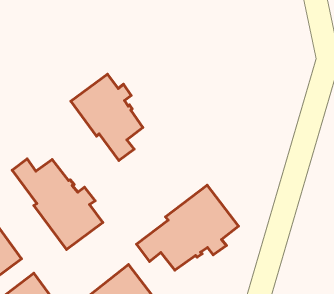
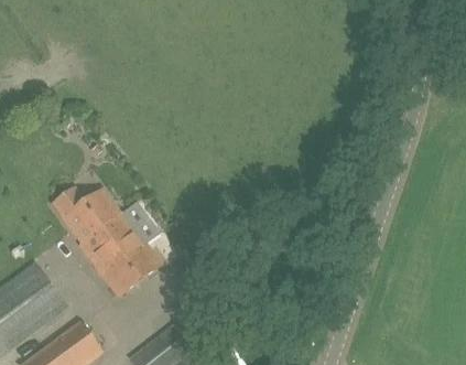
building: [71,74,143,160] -> none
building: [136,185,239,270] -> none

